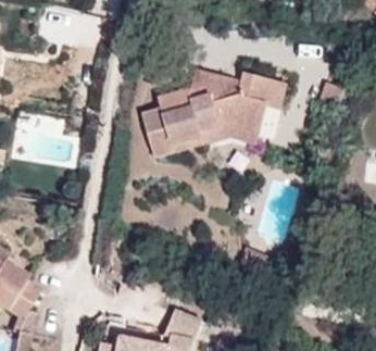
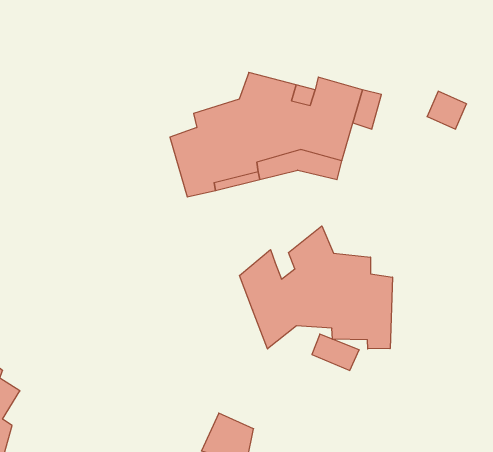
building: none -> [240,226,392,349]

